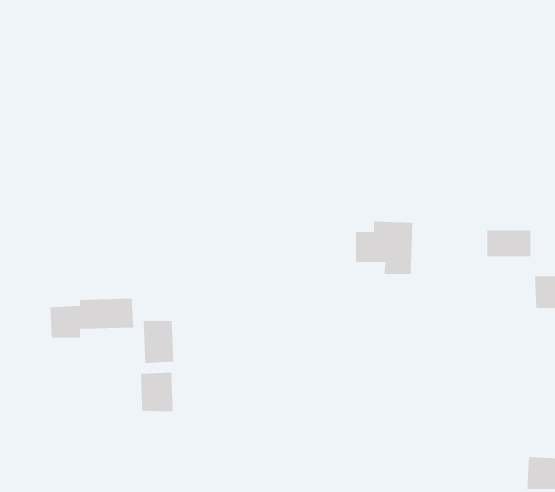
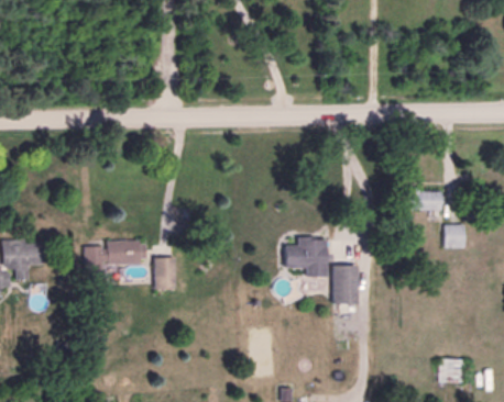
building: [355,221,413,274] -> [285,237,328,277]
building: none -> [332,265,359,304]
building: [140,372,173,412] -> none

